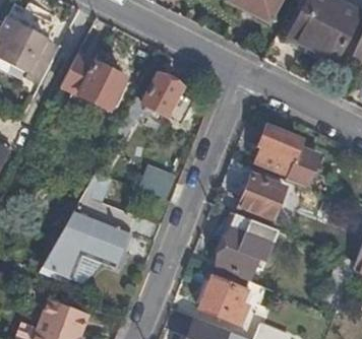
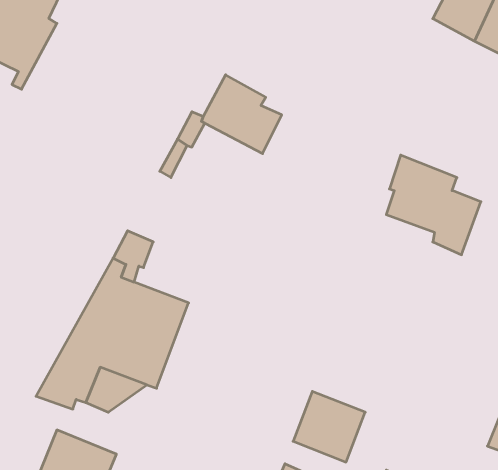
building: [60,52,126,109] -> none
building: [138,162,176,198] -> none
building: [238,172,286,217] -> none
building: [219,221,268,275] -> none

